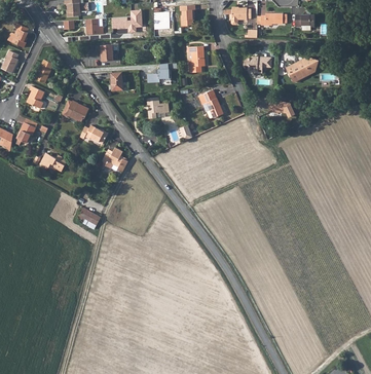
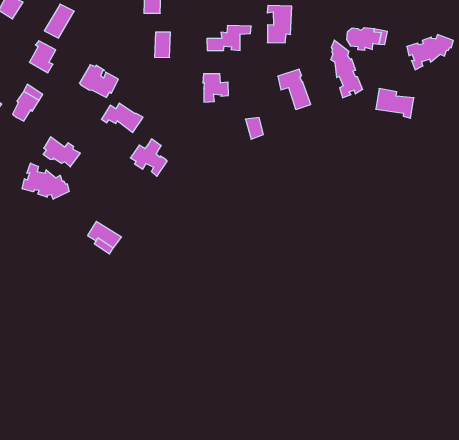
building: none -> [331,40,362,98]
building: none -> [22,163,69,199]

